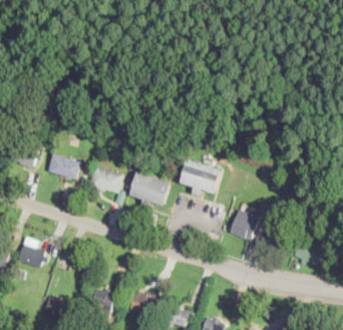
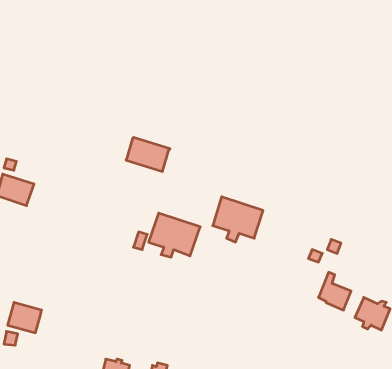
building: [48,154,80,179] -> none
building: [88,166,123,193] -> [126,137,170,171]
building: [229,218,256,239] -> none

